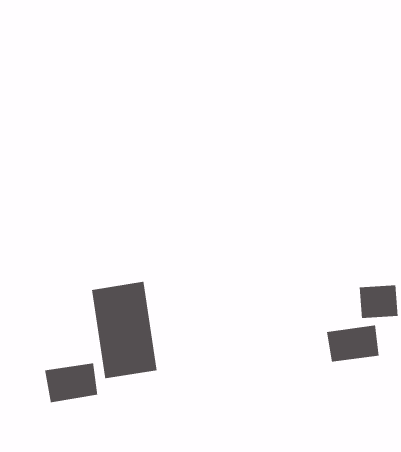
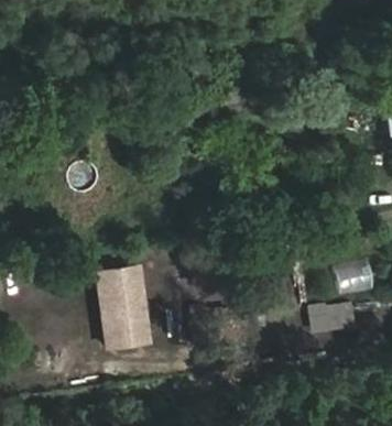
building: [44,362,98,403] -> none

